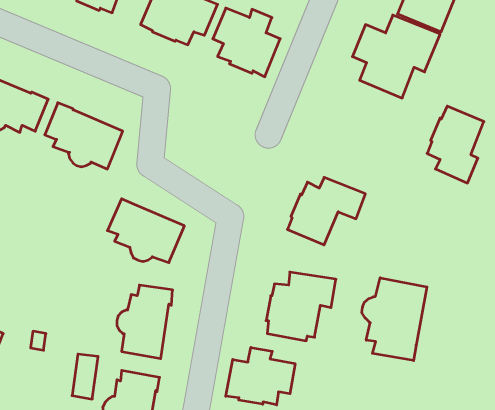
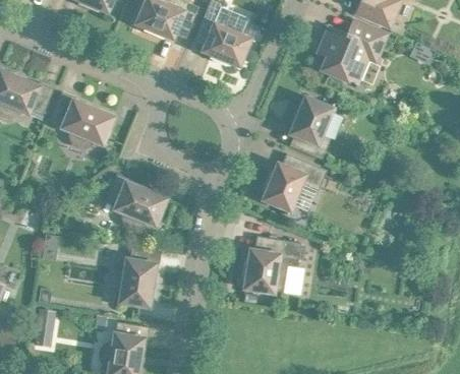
building: [427,106,484,183] -> [286,94,335,160]
building: [362,278,427,361] -> none
building: [226,347,295,405] -> none
building: [72,354,98,399] -> [33,309,55,348]

